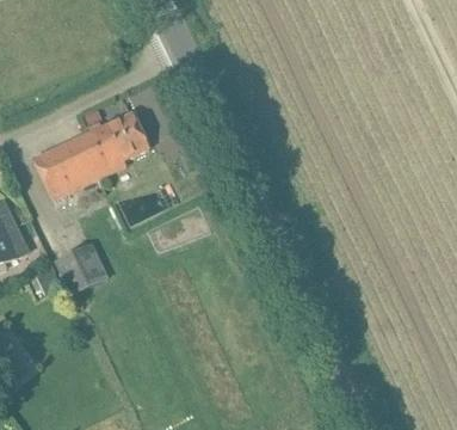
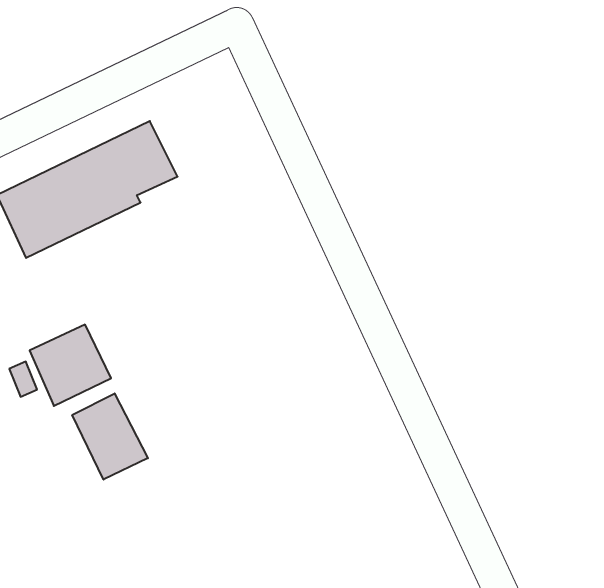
building: none -> [72,393,148,480]

